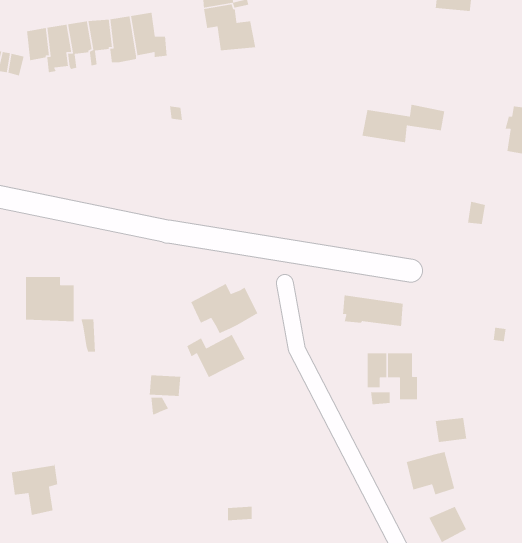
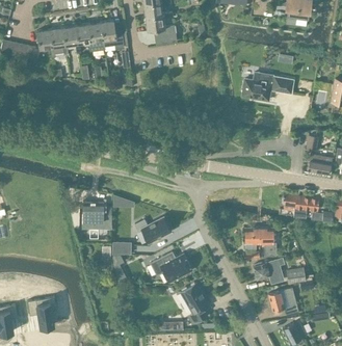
building: none -> [306,154,330,175]
building: [25,276,74,322] -> [80,201,110,229]
building: [190,283,258,334] -> [149,250,190,282]
building: [342,295,403,327] -> [281,192,318,212]
building: none -> [253,258,283,283]
building: none -> [181,284,209,323]

